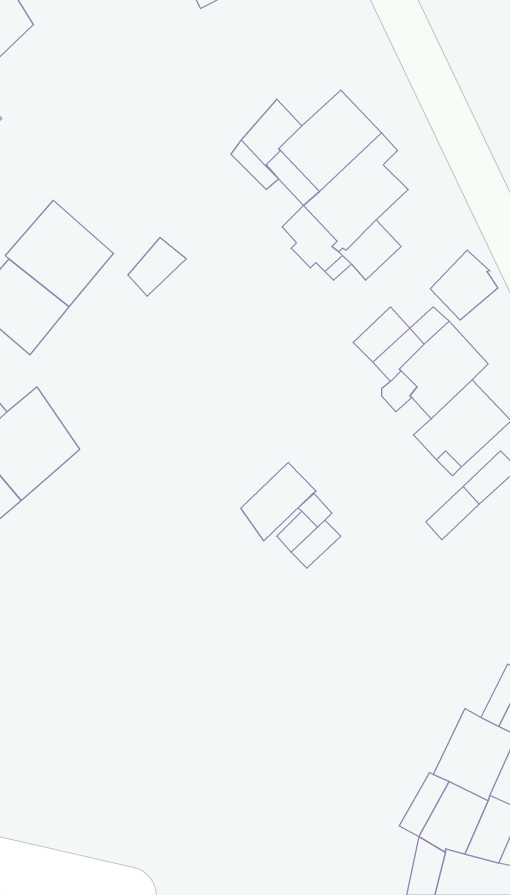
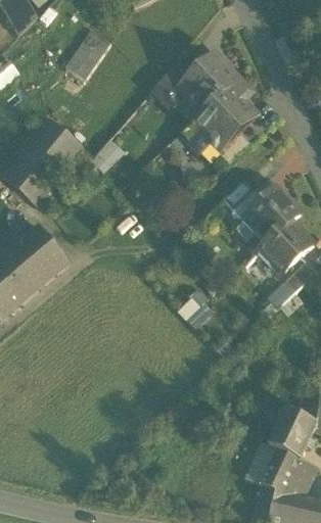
building: none -> [67,30,112,80]
building: [430,250,498,320] -> none
building: [241,462,316,541] -> none

